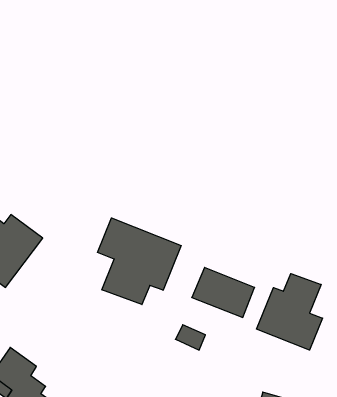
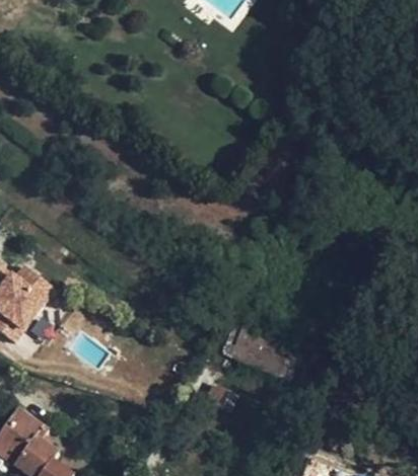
building: [97,218,181,305] -> none
building: [257,274,323,350] -> none

